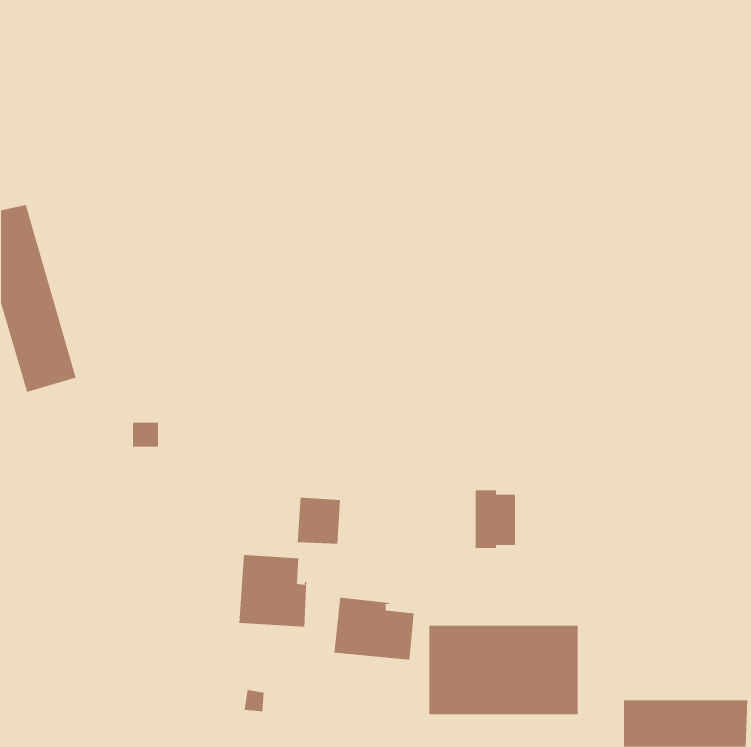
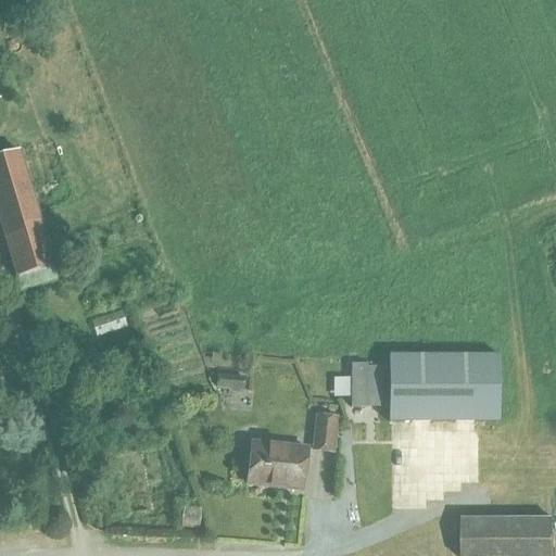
building: [239,554,307,627] -> none
building: none -> [313,413,336,450]
building: [429,625,579,715] -> [388,353,498,419]

